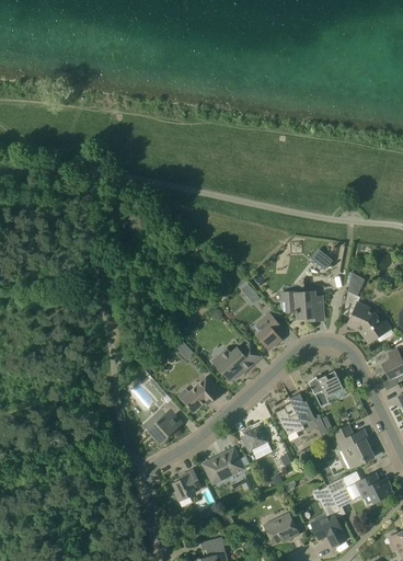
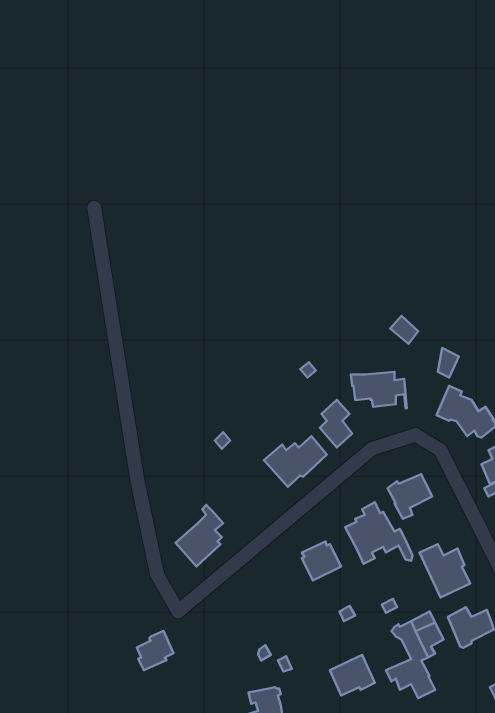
building: [177,377,218,413] -> none
building: [203,448,244,484] -> none
building: [173,470,201,501] -> [137,631,173,670]

